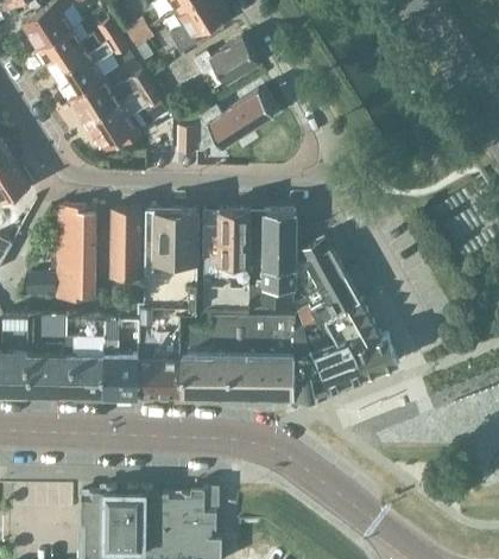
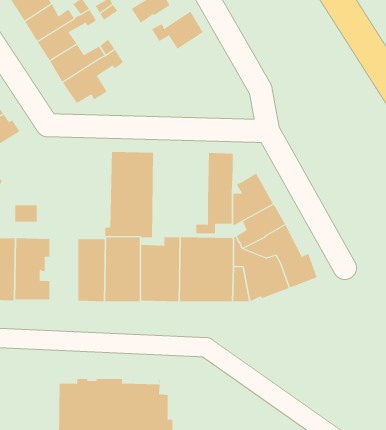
building: [178,91,273,152] -> none
building: [57,208,95,301] -> none
building: [110,210,140,279] -> none
building: [202,211,250,311] -> none
building: [58,317,103,392] -> none

